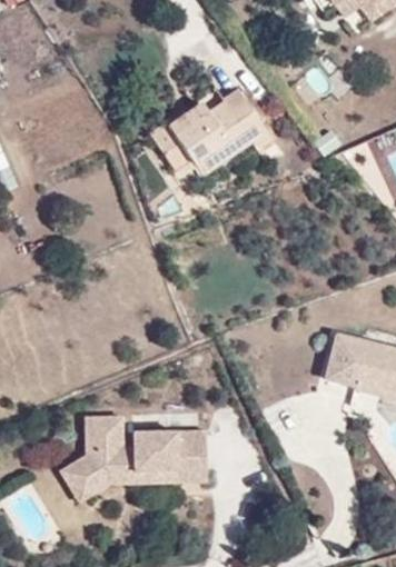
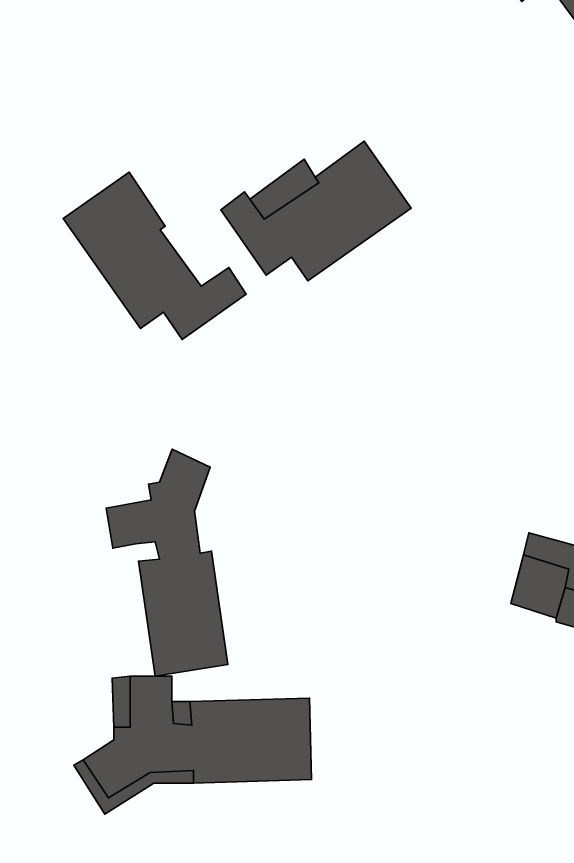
building: none -> [63,172,246,340]
building: none -> [106,449,228,676]

